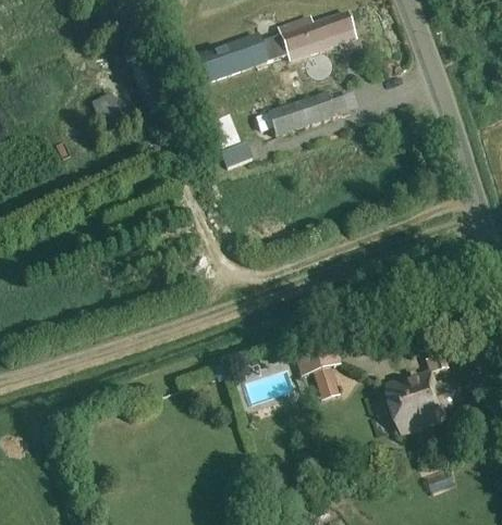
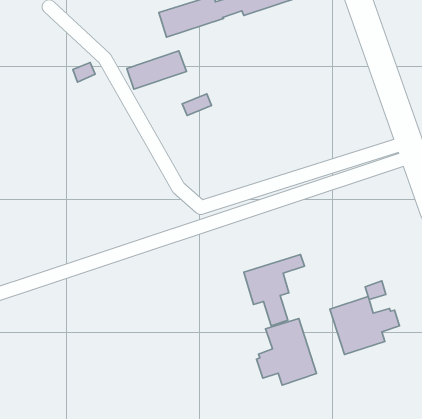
building: [268,92,334,135] -> [127,51,187,89]
building: none -> [256,318,317,385]

